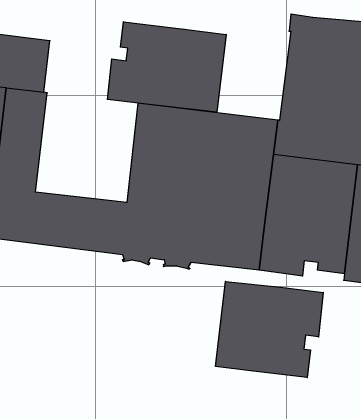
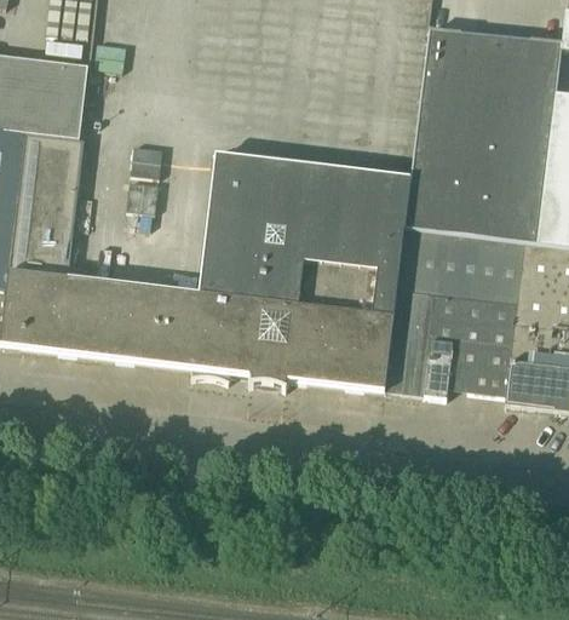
building: [107,22,226,112] -> none
building: [216,281,323,378] -> none

